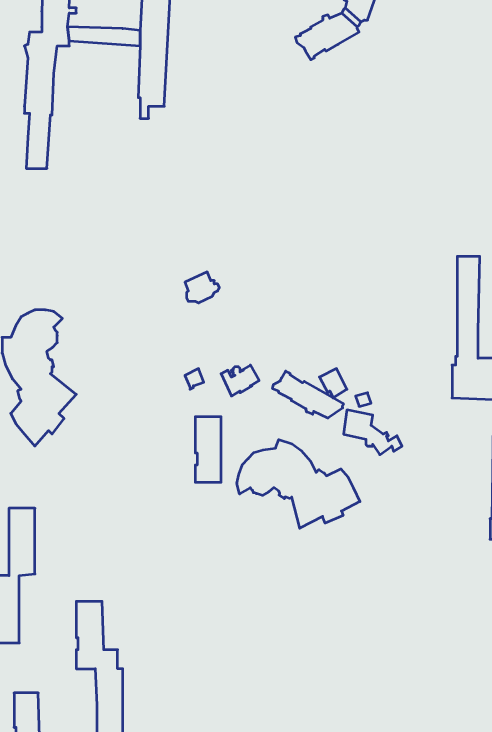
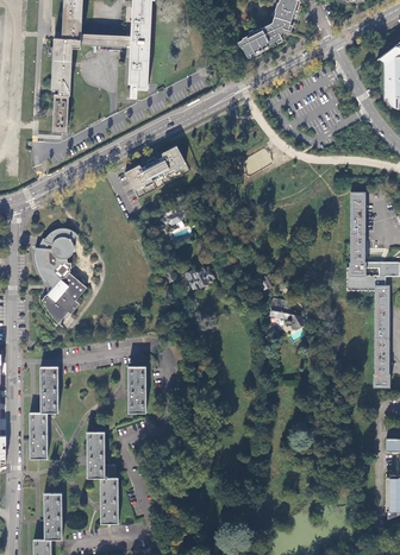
building: none -> [125,146,189,198]
building: [273,371,343,418] -> none
building: [195,417,221,482] -> [129,366,146,411]
building: [237,440,360,528] -> none

